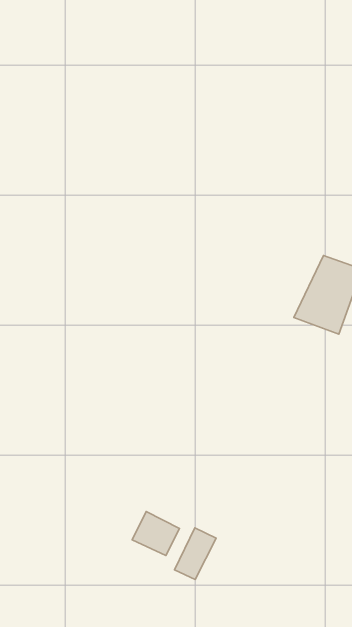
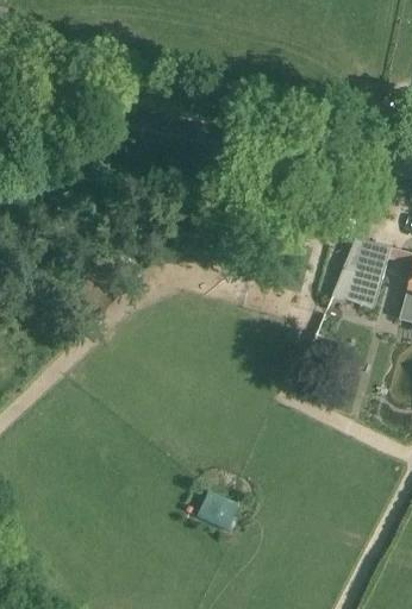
building: [174,528,216,579] -> none

